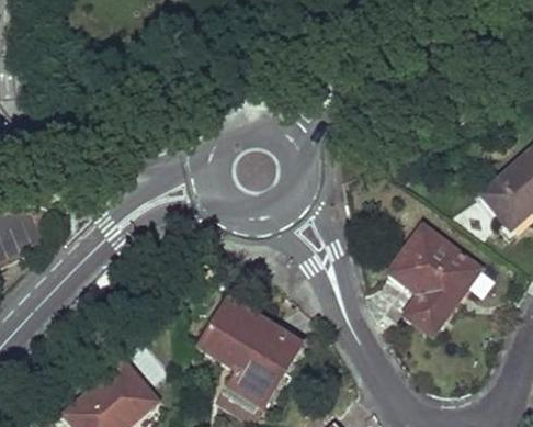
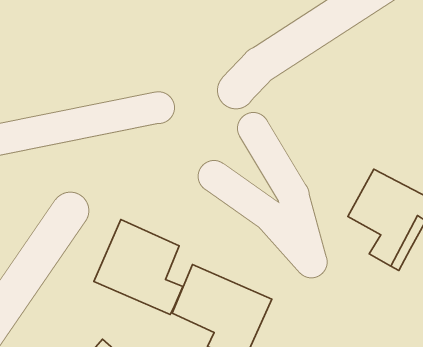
building: none -> [94,220,183,315]

